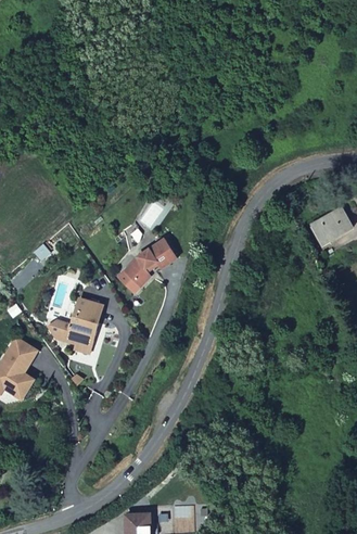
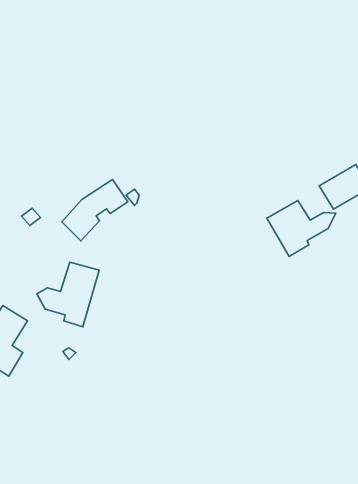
building: [116,238,177,294] -> [62,180,128,241]
building: none -> [267,201,336,257]

